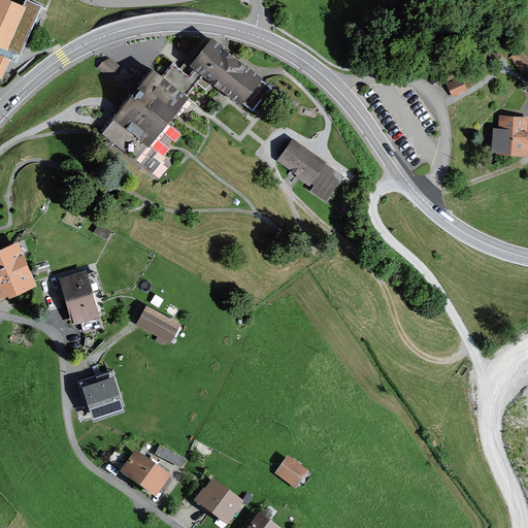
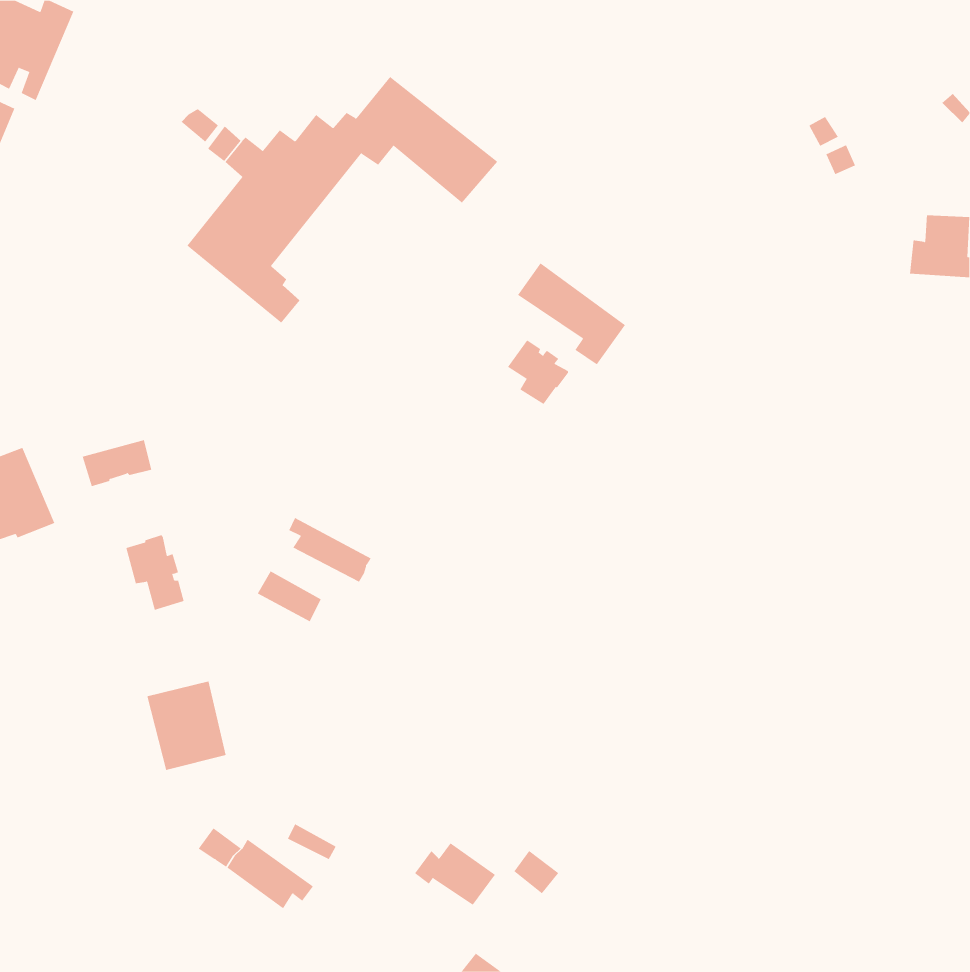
building: none -> [507,340,569,405]
building: [63,271,101,297] -> [82,439,152,487]
building: none -> [288,517,372,583]
building: [193,485,237,519] -> [414,843,496,905]

